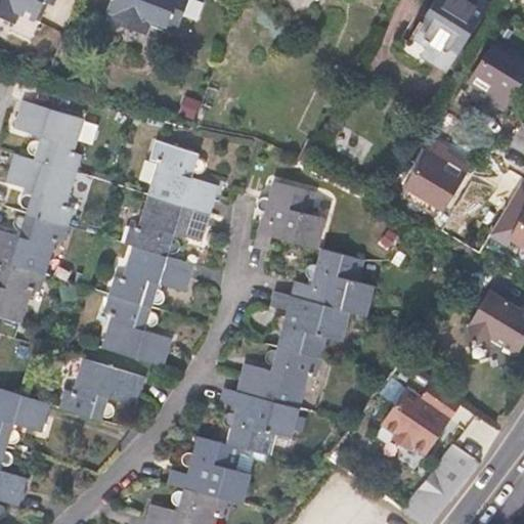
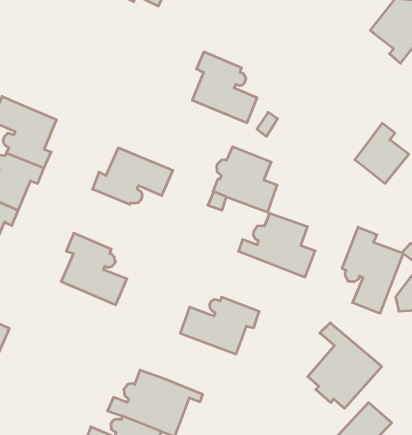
building: [14,98,86,172] -> none
building: [147,141,218,214] -> [192,52,257,123]
building: [108,246,194,307] -> none
building: none -> [342,227,403,313]
building: [271,291,351,358] -> none
building: [58,359,143,421] -> none
building: [219,387,300,455] -> none

